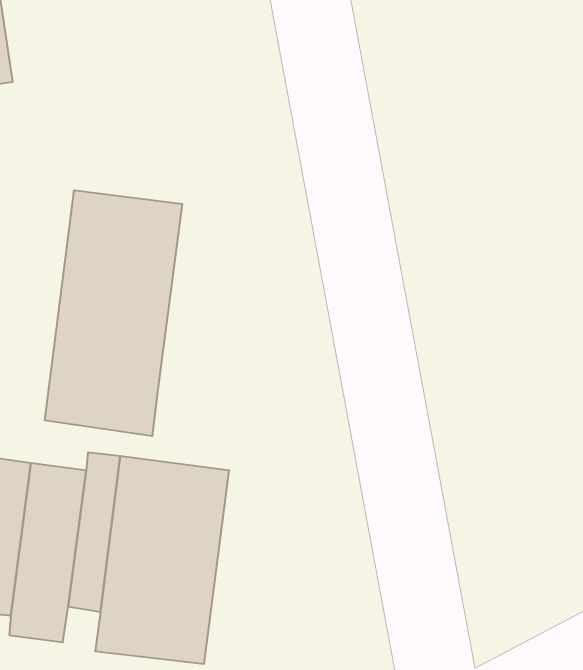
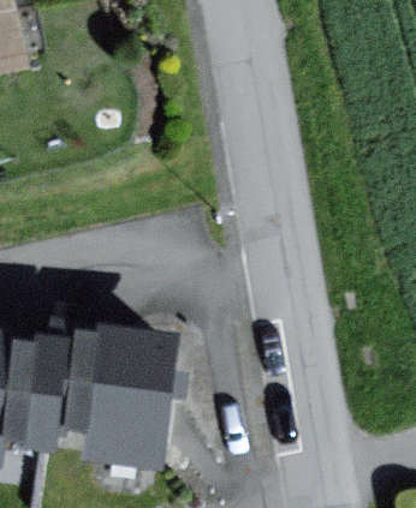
building: [45,190,182,436] -> none

